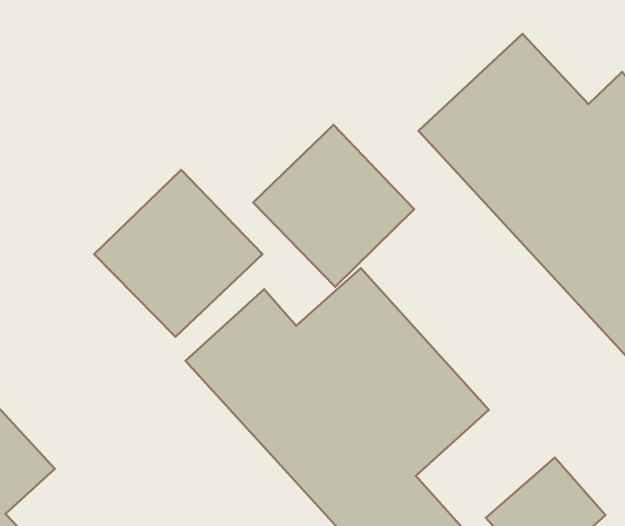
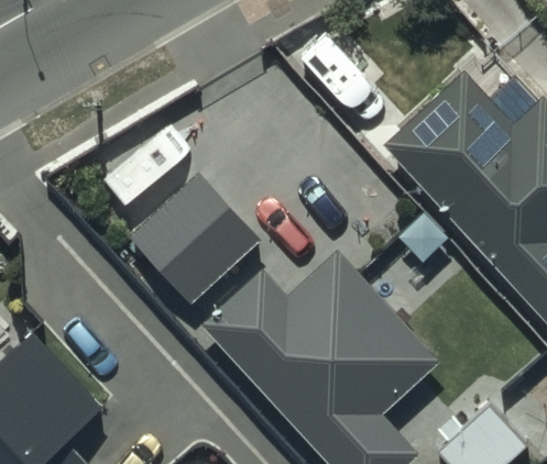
building: [253,125,414,287] -> none

